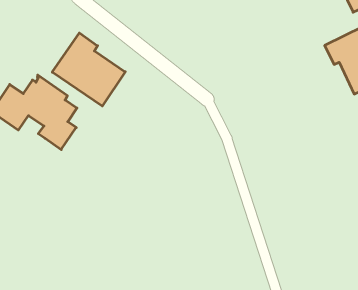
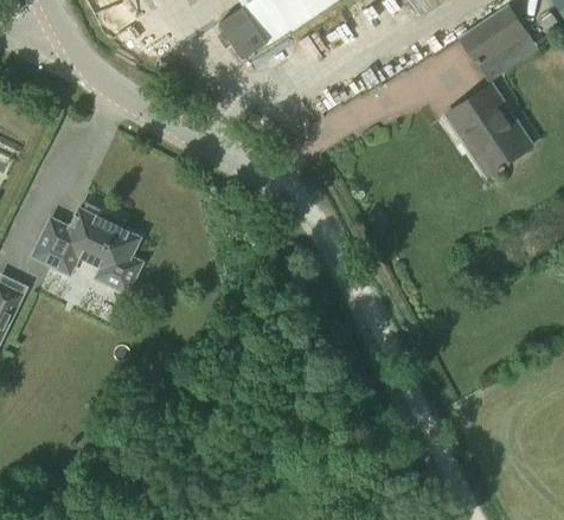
building: [52,33,125,106] -> none

